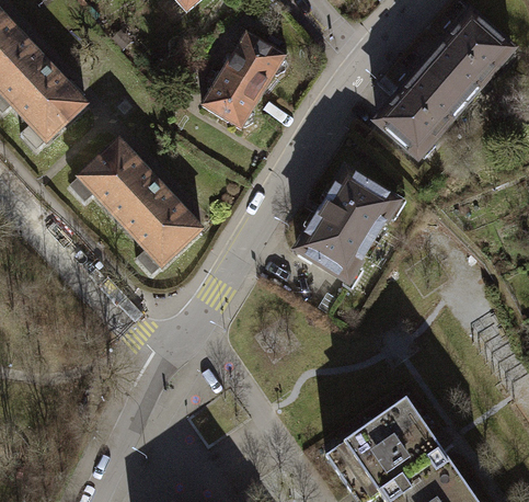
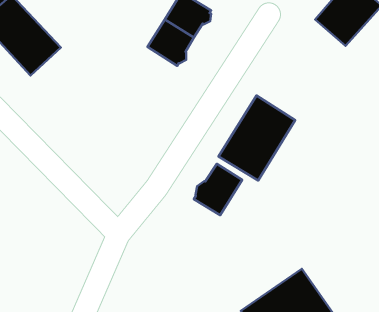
building: [377,68,464,158] -> none
building: [78,139,203,266] -> none
building: none -> [194,164,242,215]

